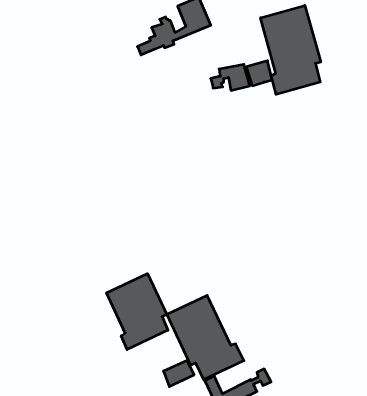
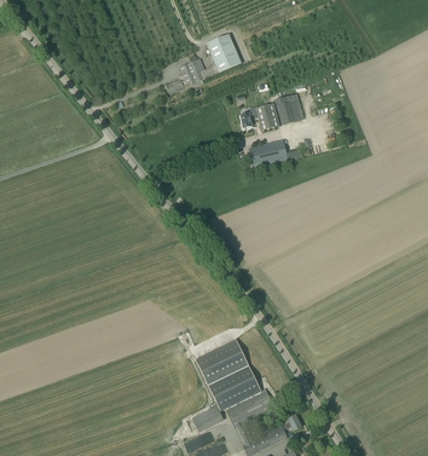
building: [261,5,321,94] -> none
building: none -> [248,138,287,166]
building: [107,274,168,350] -> none

